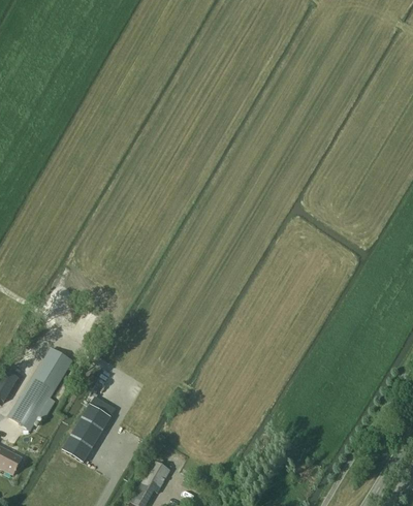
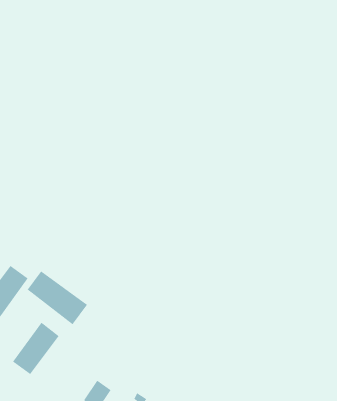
building: none -> [27,270,88,325]

